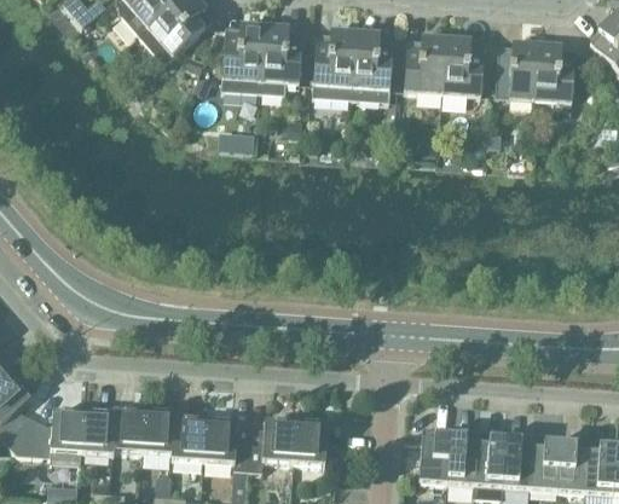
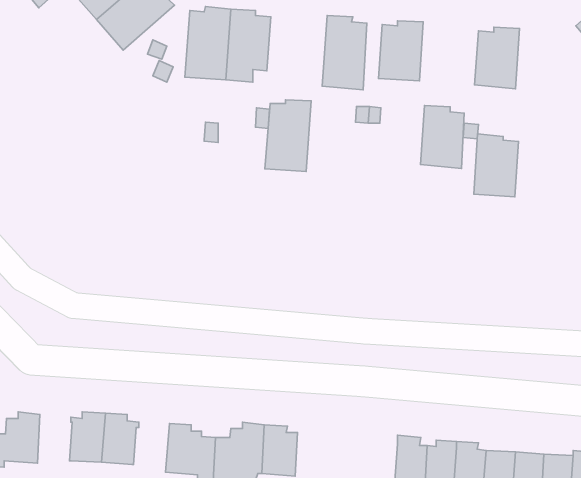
building: [312,30,355,98] -> [265,100,311,172]
building: [442,37,484,97] -> [421,106,464,168]
building: [533,44,575,103] -> [474,134,519,197]
building: [82,407,115,456] -> none
building: [172,413,207,462] -> none

